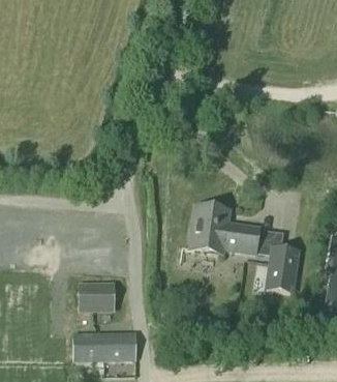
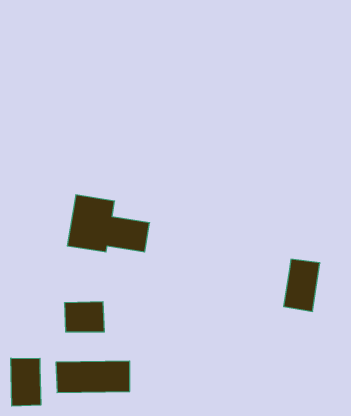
building: [189,203,259,252] -> [67,195,150,252]
building: none -> [11,358,41,406]

